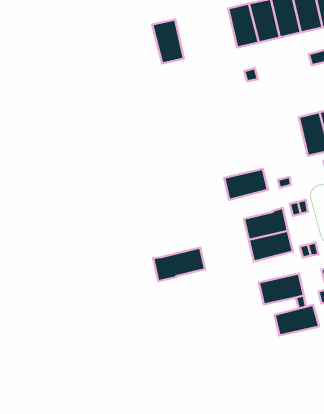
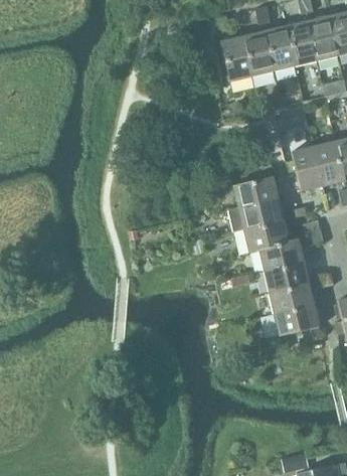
building: [152,20,184,63] -> [219,37,251,82]
building: none -> [286,147,323,192]
building: none -> [232,165,278,208]
building: [153,247,205,281] -> [235,220,288,255]
building: [274,305,319,336] -> [269,283,314,314]

